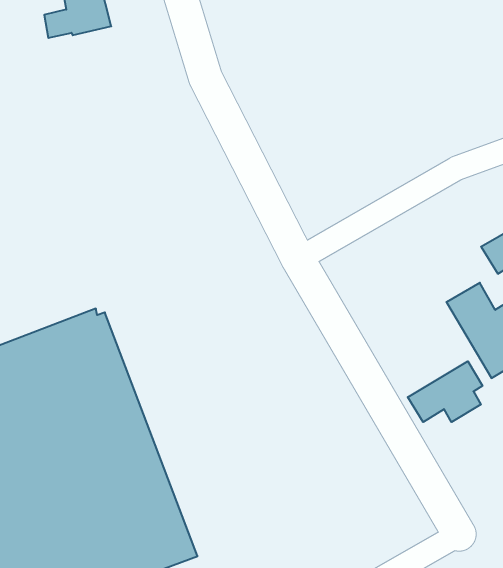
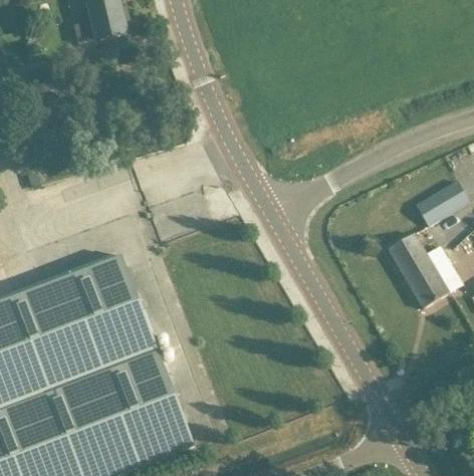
building: [408,361,482,422] -> none

